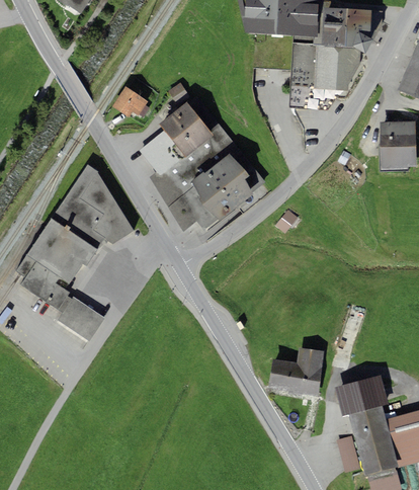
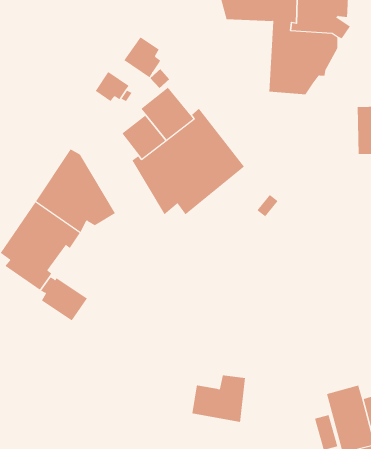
building: none -> [124,37,161,78]
building: [268,347,324,396] -> [191,375,246,423]
building: [335,375,388,415] -> none

